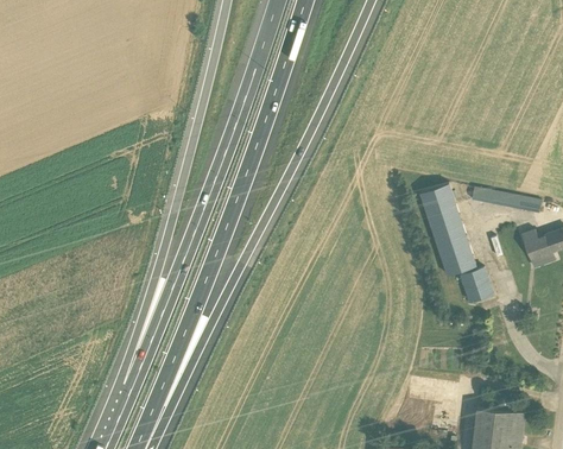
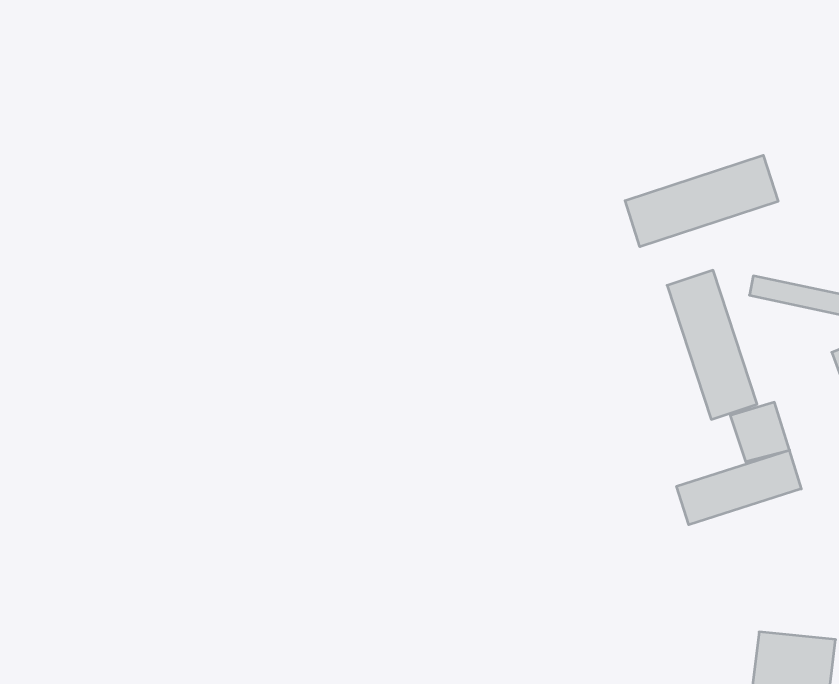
building: none -> [625,155,778,247]
building: none -> [677,450,801,525]

